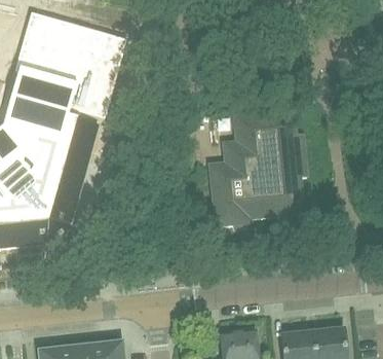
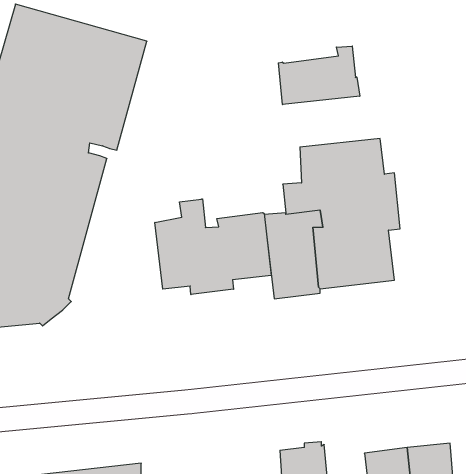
building: none -> [278,46,360,105]
building: none -> [155,199,271,295]

